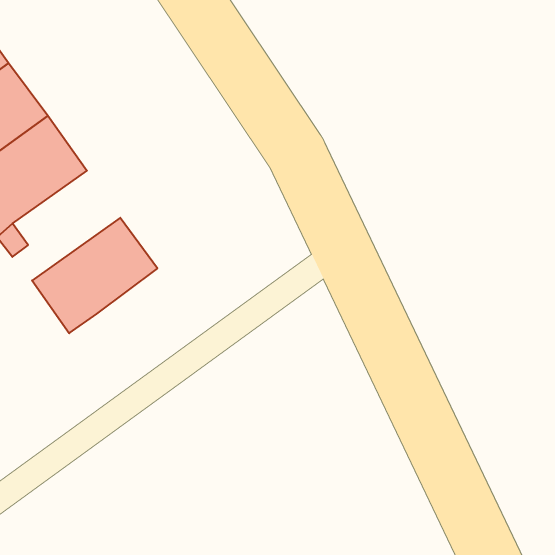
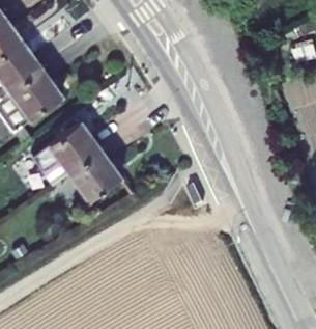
building: none -> [69,149,122,202]

